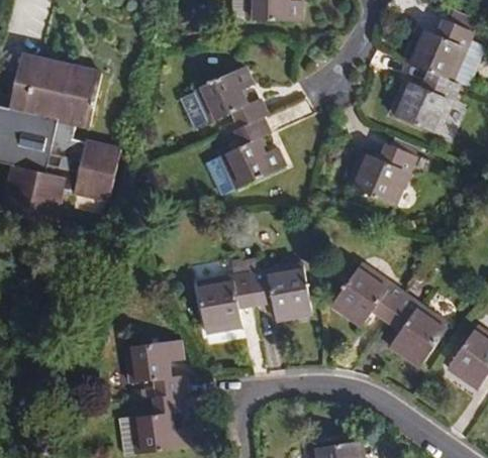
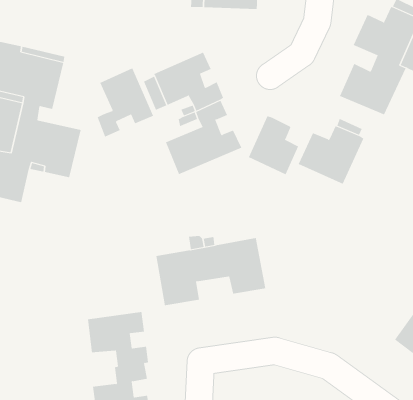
building: none -> [96,68,154,137]
building: none -> [248,115,299,175]
building: [331,262,449,368] -> none

